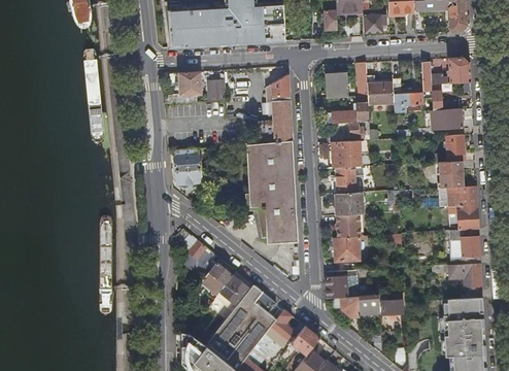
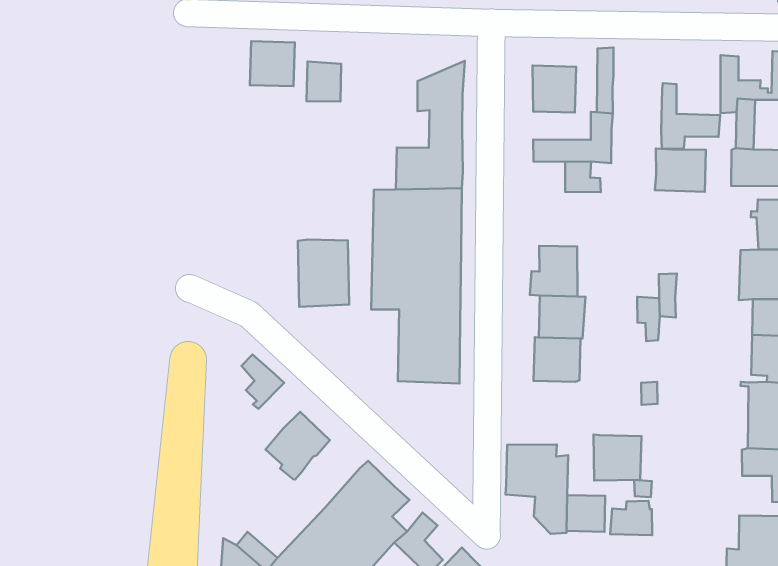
building: [367,81,394,104] -> [655,148,706,192]
building: [332,140,361,167] -> none
building: [174,148,203,184] -> [298,240,349,307]
building: [334,236,360,261] -> [594,435,641,481]
building: [217,275,250,310] -> none

